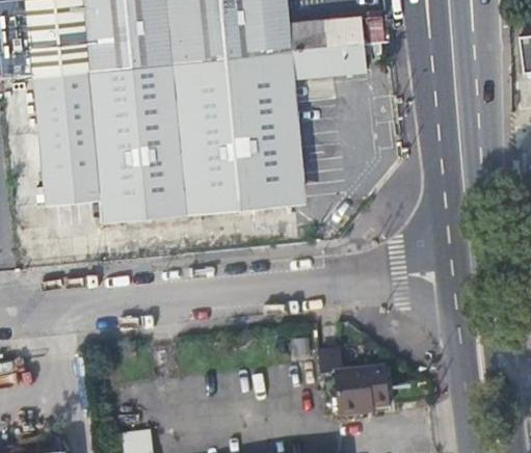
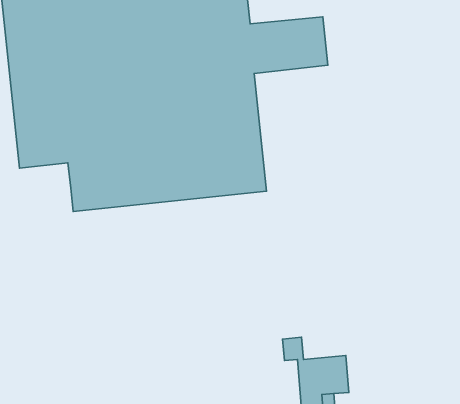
building: [49,170,102,202] -> none

